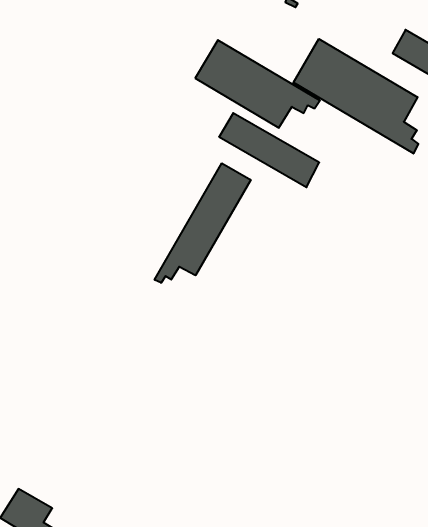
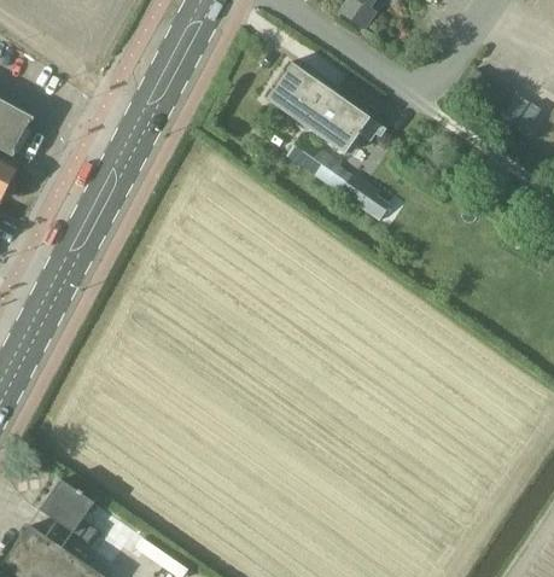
building: [293,39,418,154] -> none
building: [155,163,251,283] -> none

